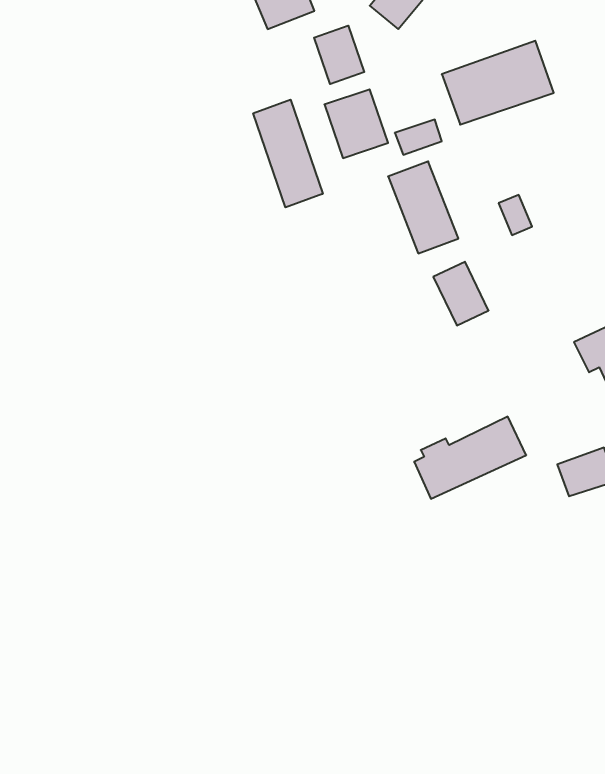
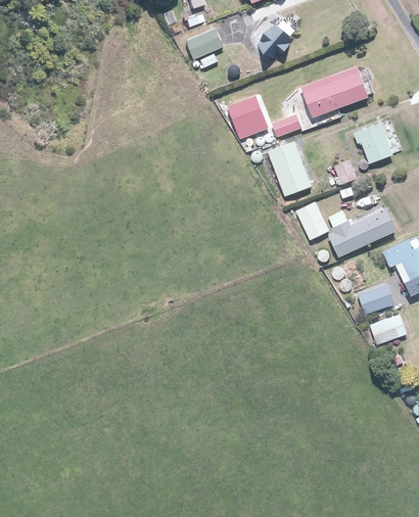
building: [314,26,364,84] -> none
building: [253,100,323,207] -> none
building: none -> [354,122,393,162]
building: none -> [359,283,393,314]
building: [414,417,526,499] -> [327,207,395,257]

